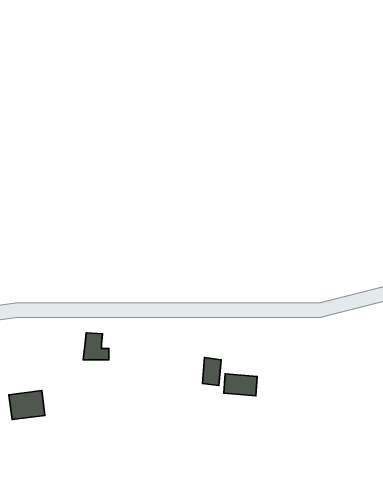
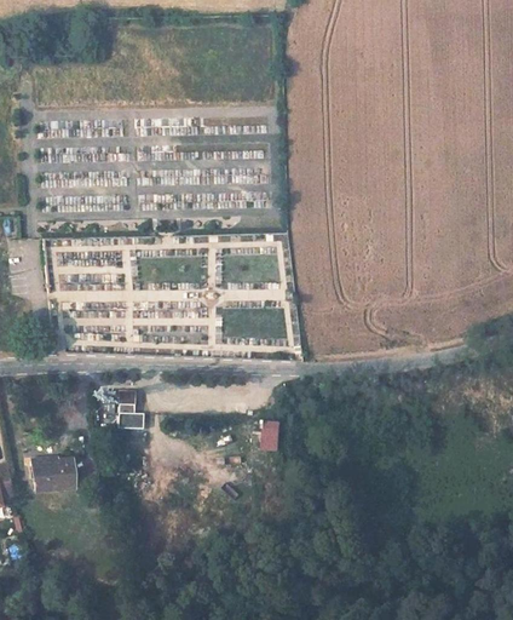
building: [224,374,257,396] -> none

